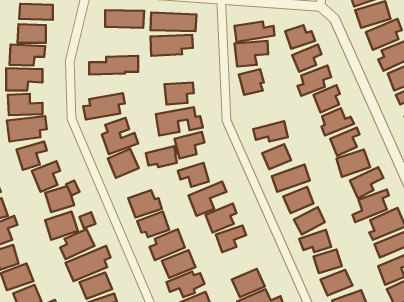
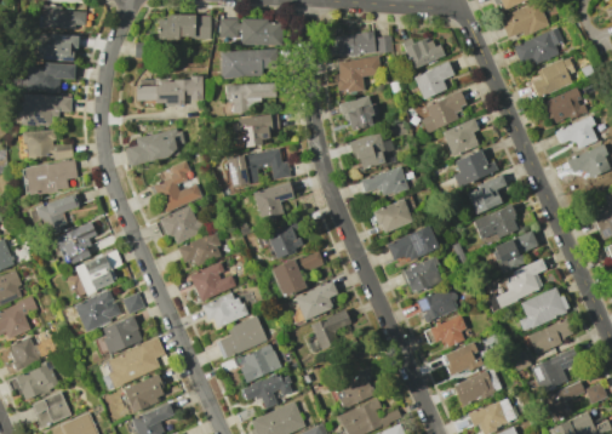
building: none -> [225,82,276,113]
building: none -> [350,132,396,170]
building: [146,146,177,167] -> [178,235,221,264]

